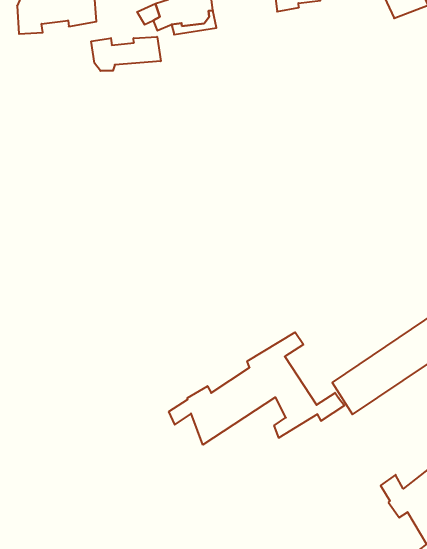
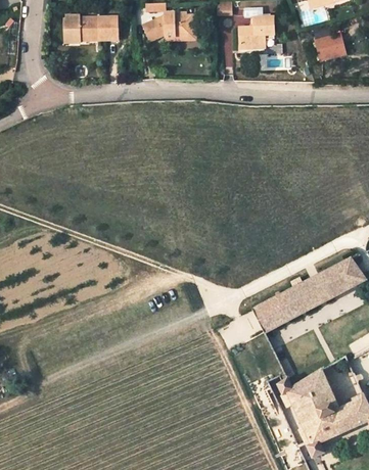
building: [91,37,161,71] -> none
building: [169,332,344,445] -> none

